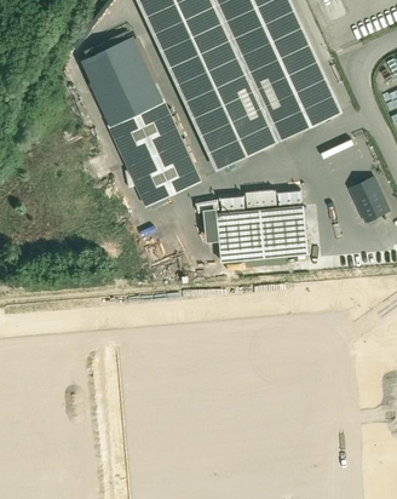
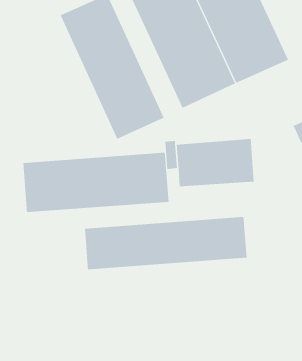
building: none -> [23,152,169,213]
building: none -> [84,216,247,270]

